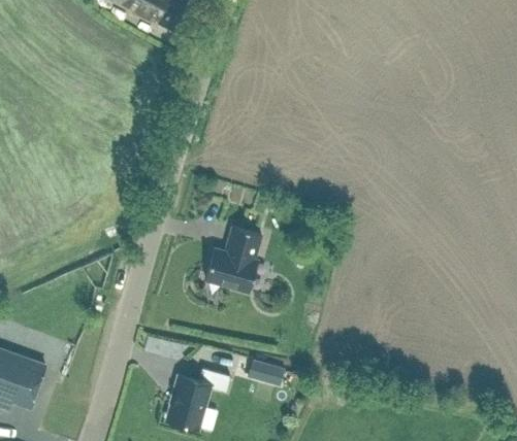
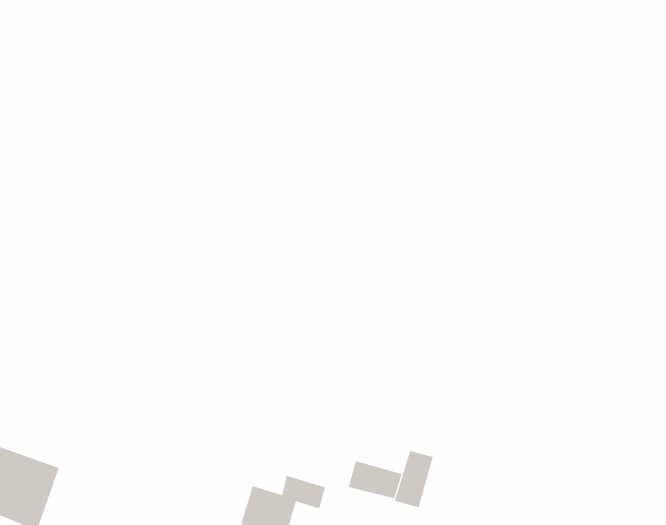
building: [204,225,260,291] -> none
building: none -> [394,450,434,508]

